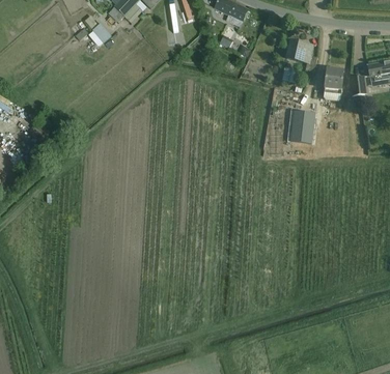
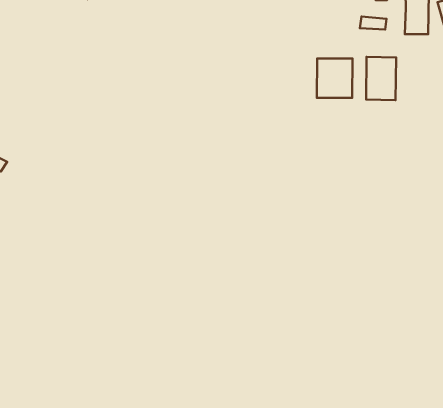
building: none -> [317,59,352,98]

